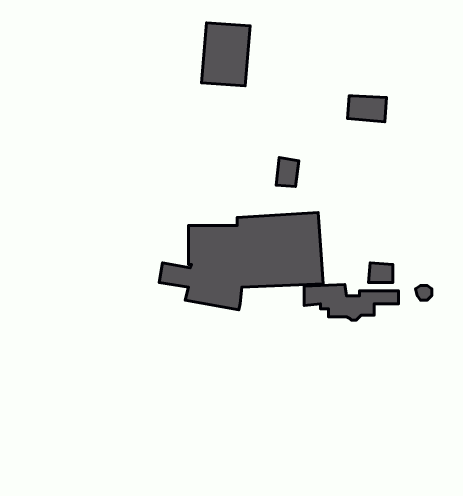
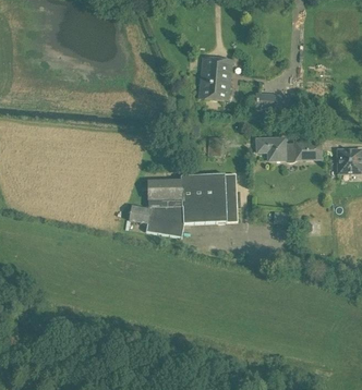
building: [201,23,250,86] -> [200,57,232,99]
building: [304,284,398,320] -> [257,137,321,161]

